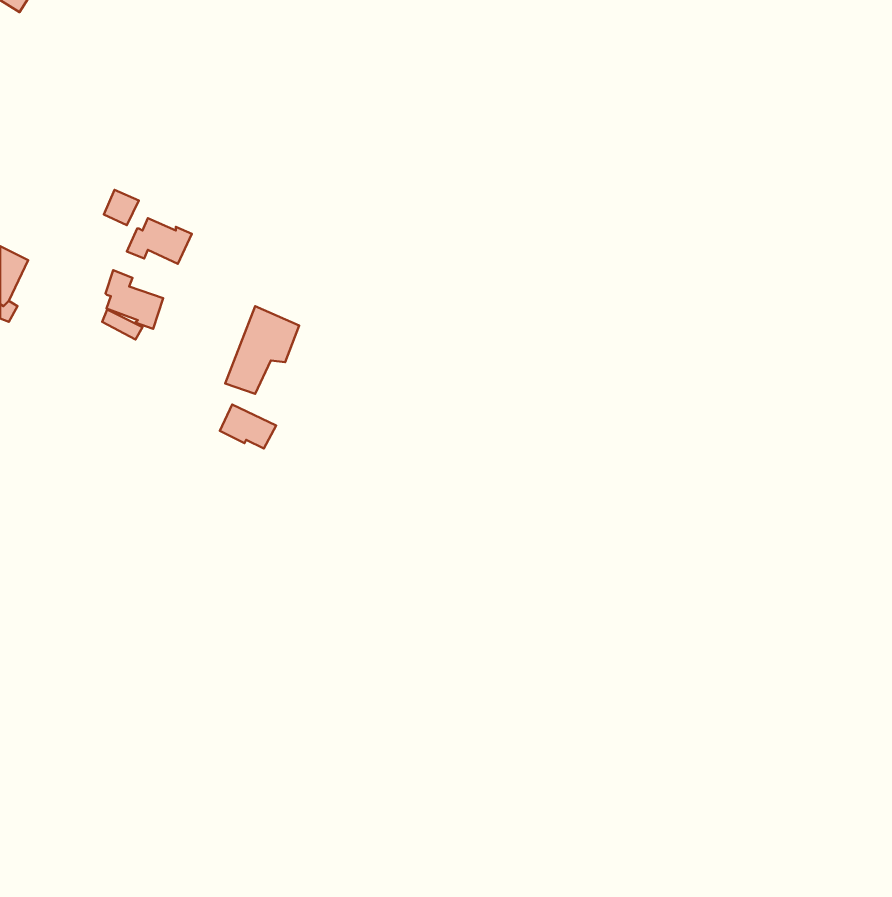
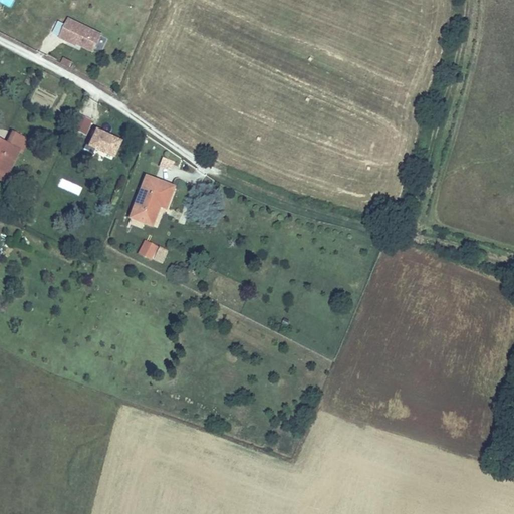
building: none -> [52,17,92,48]
building: [105,270,163,329] -> none

